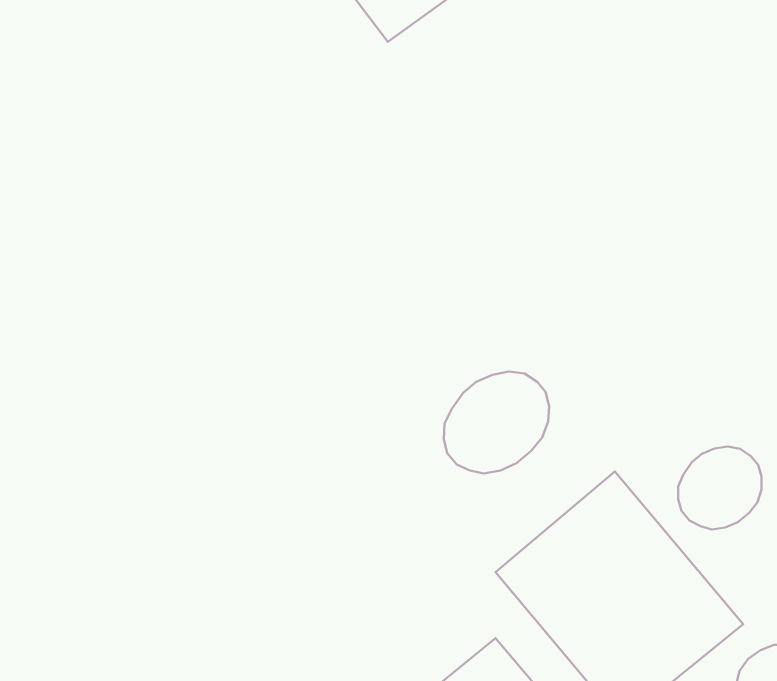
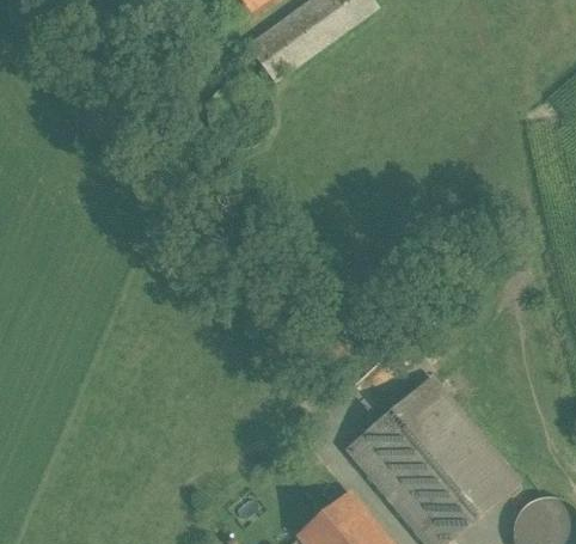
building: [444,371,549,474] -> none
building: [678,446,762,529] -> none

